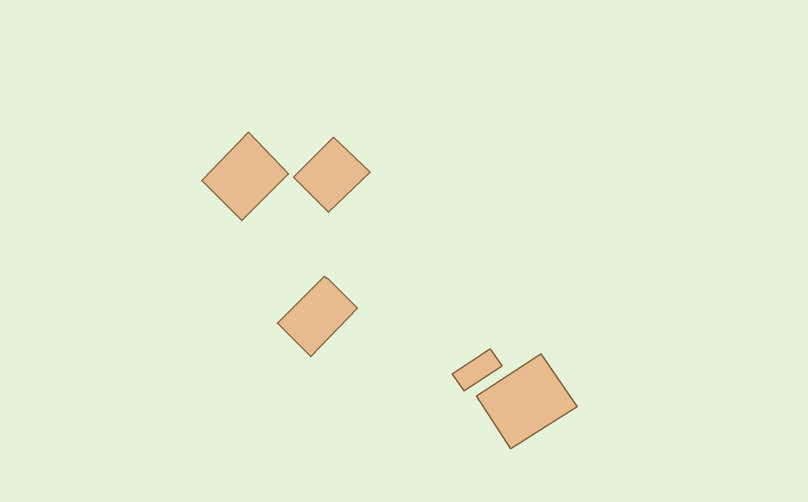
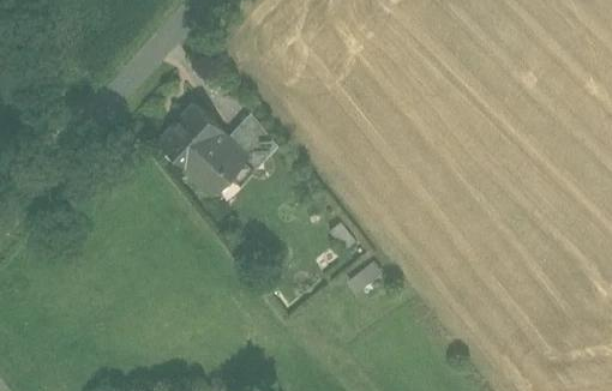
building: [277,277,358,357] -> [191,139,248,197]
building: [476,354,577,449] -> none

